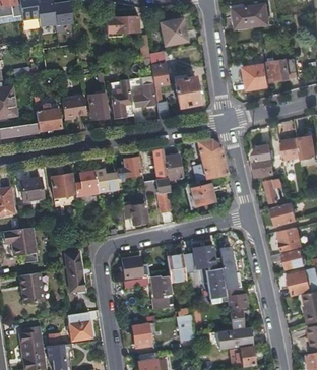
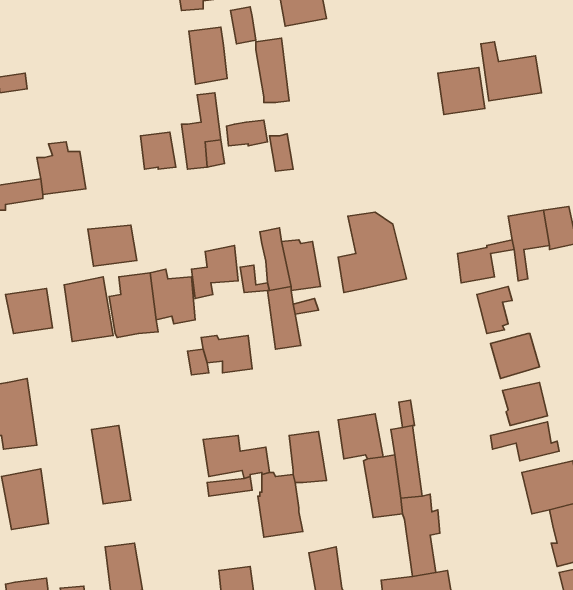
building: none -> [189,27,227,84]
building: [174,75,199,106] -> none
building: [61,96,86,117] -> [88,225,137,266]
building: [186,179,214,204] -> none

